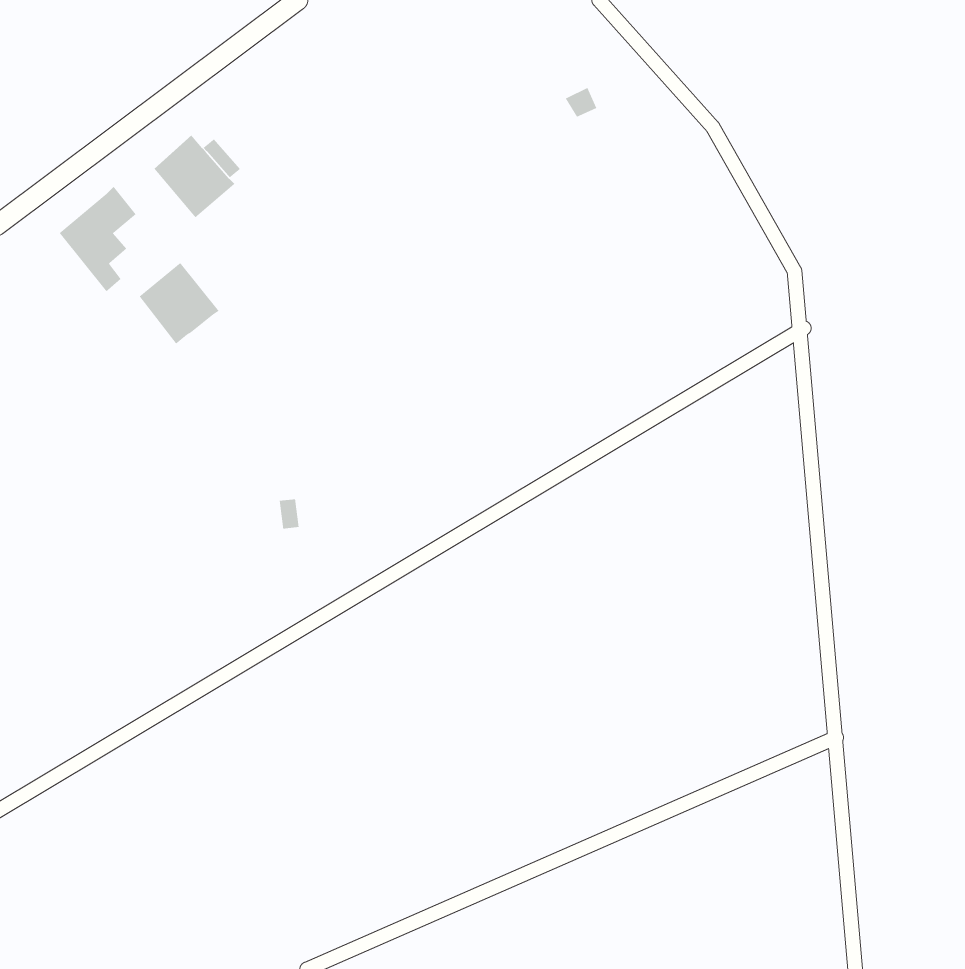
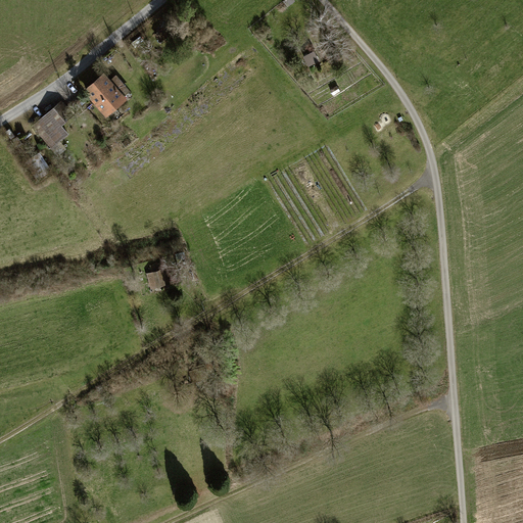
building: [139,262,220,344] -> none

